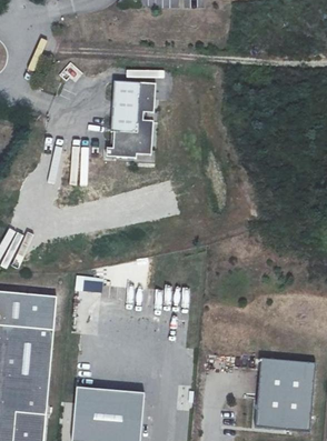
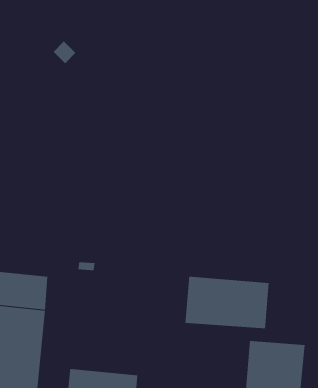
building: [108,80,158,159] -> none
building: none -> [185,276,269,329]

